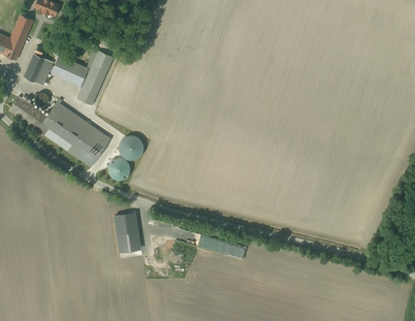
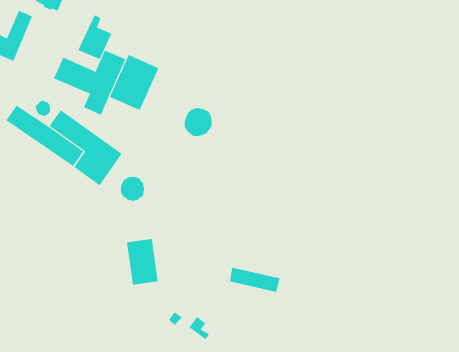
building: [23,47,53,87] -> [77,14,112,60]
building: none -> [109,54,159,111]
building: [119,135,143,160] -> [184,108,213,137]

